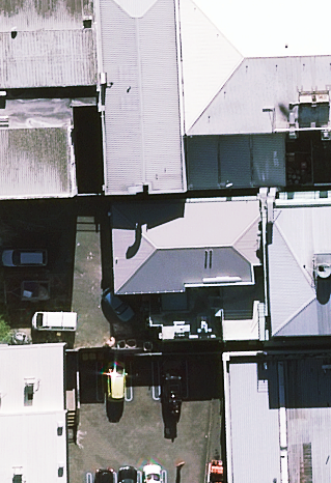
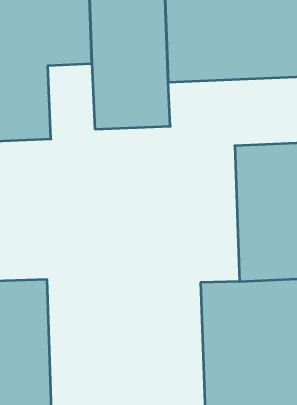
building: [111,198,242,283] -> none

